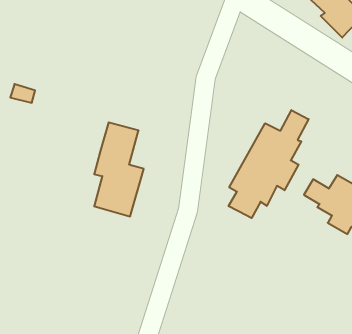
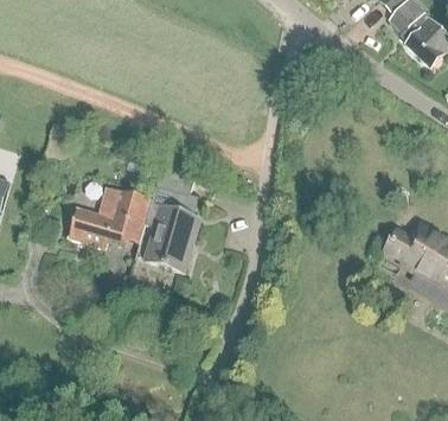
building: [229,110,309,218] -> none
building: none -> [65,185,151,249]

